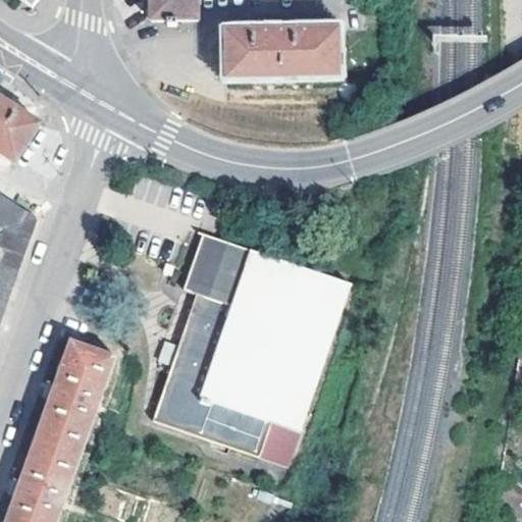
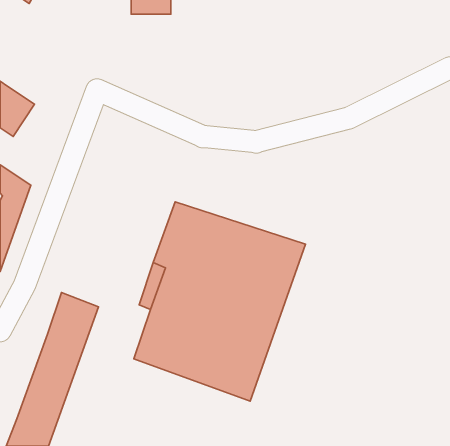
building: [227,27,338,72] -> none

